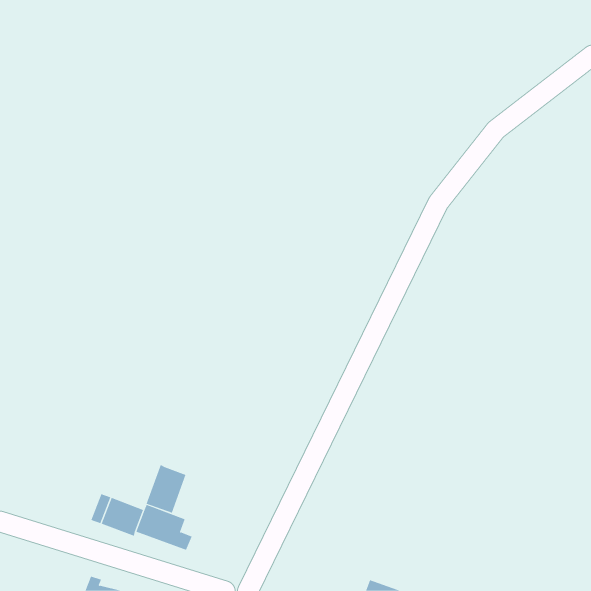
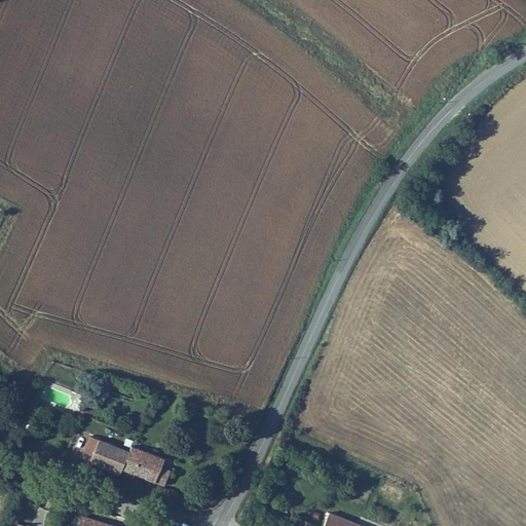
building: [146,464,186,513] -> none

